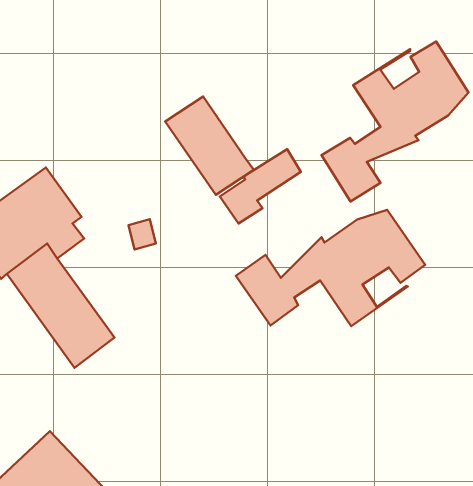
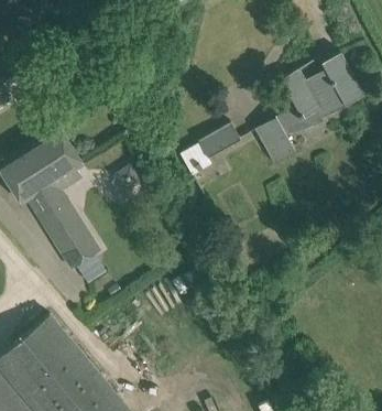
building: [165,96,254,195] -> none
building: [236,210,425,326] -> none

